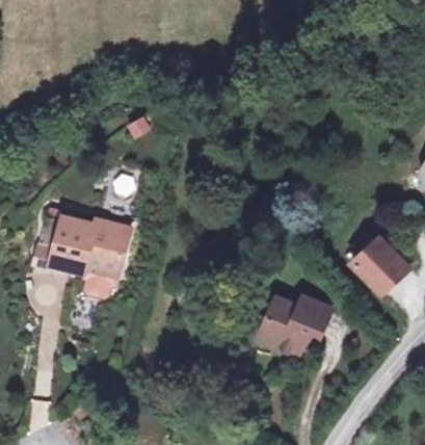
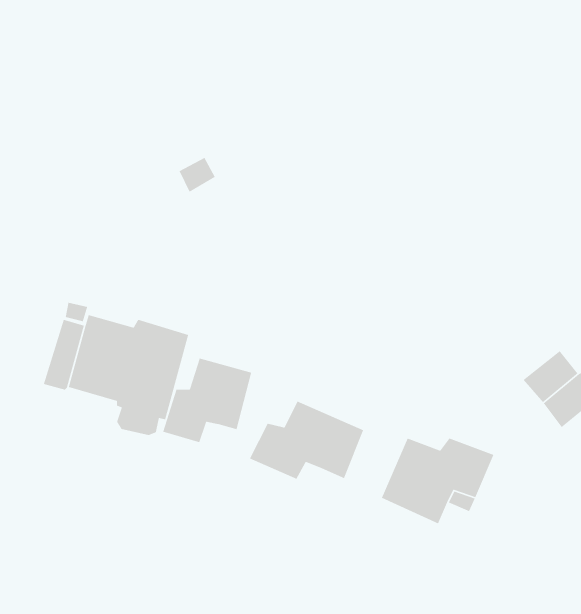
building: none -> [162,357,252,443]
building: none -> [249,401,364,480]

